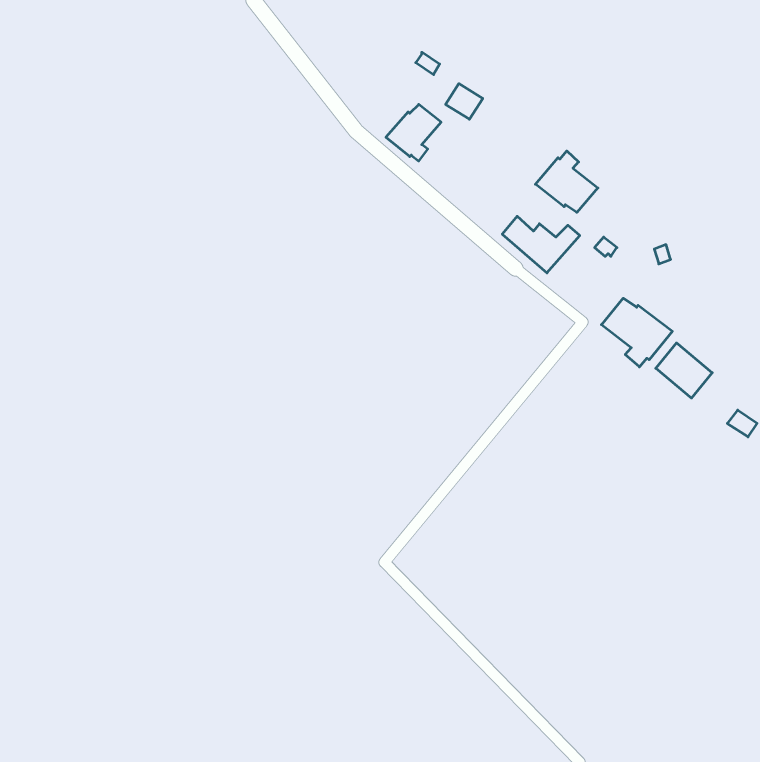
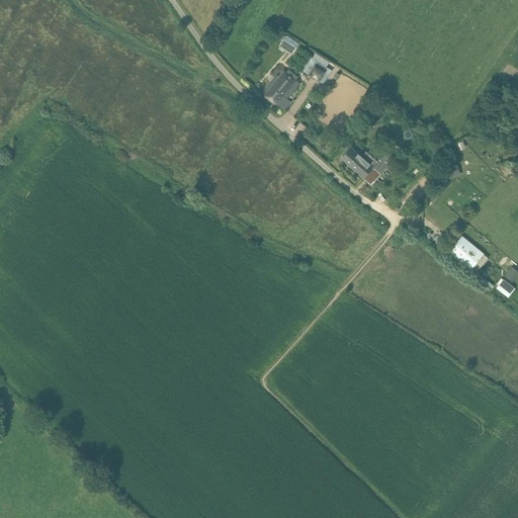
building: [535,151,598,212] -> none
building: [601,298,672,367] -> none

